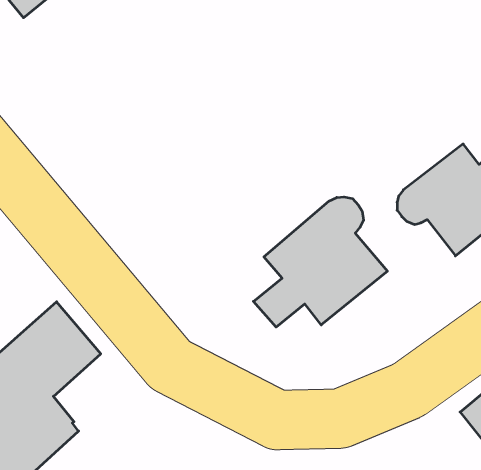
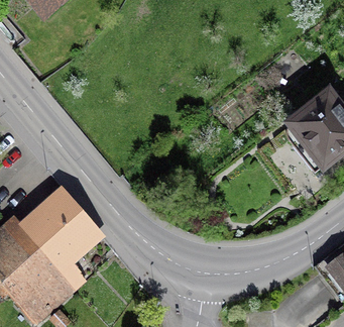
building: [253,197,387,327] -> none

